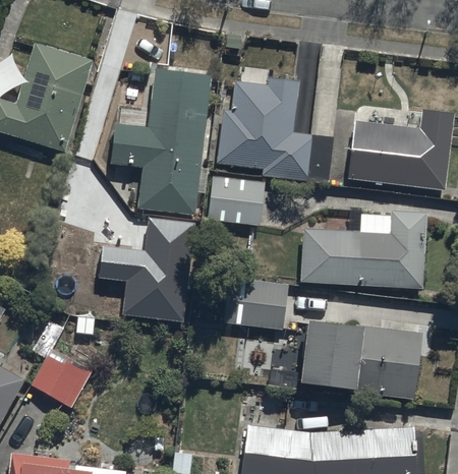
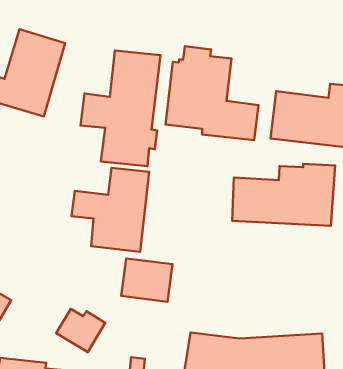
building: [208,177,263,226] -> none
building: [223,277,287,331] -> [121,258,173,302]
building: [298,314,421,395] -> none
building: [30,356,91,410] -> [56,309,105,352]

